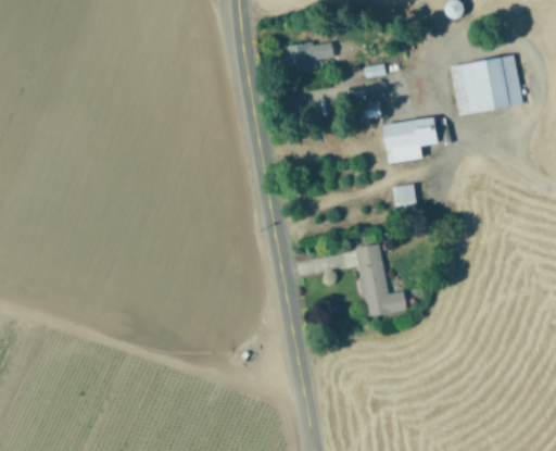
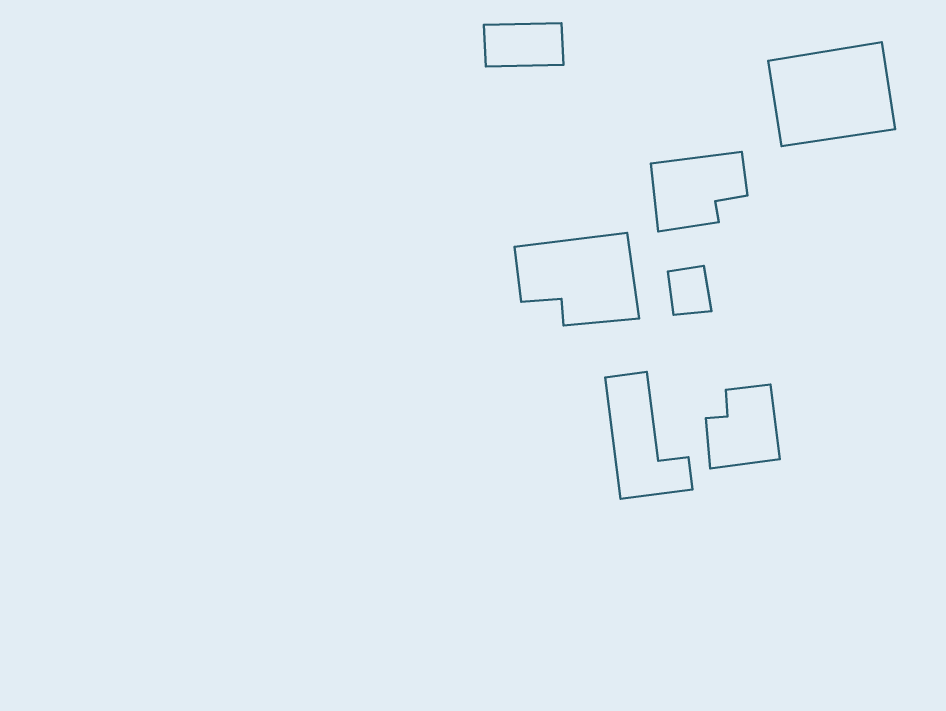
building: none -> [515,233,639,325]
building: none -> [706,384,780,469]

